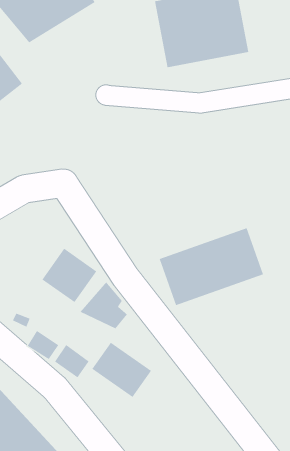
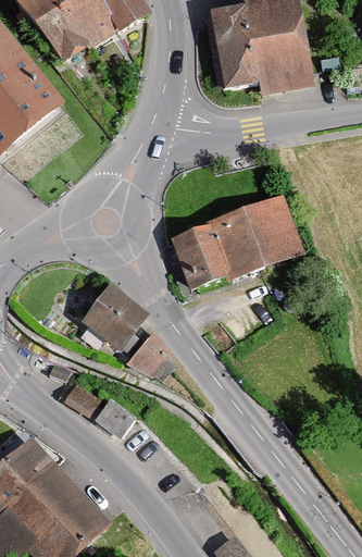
building: [159,227,264,306] -> [173,205,289,292]
building: [92,342,152,398] -> none

